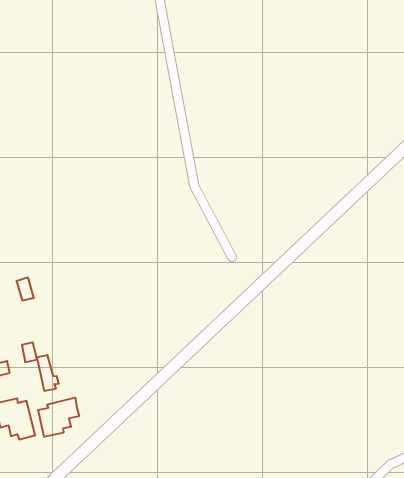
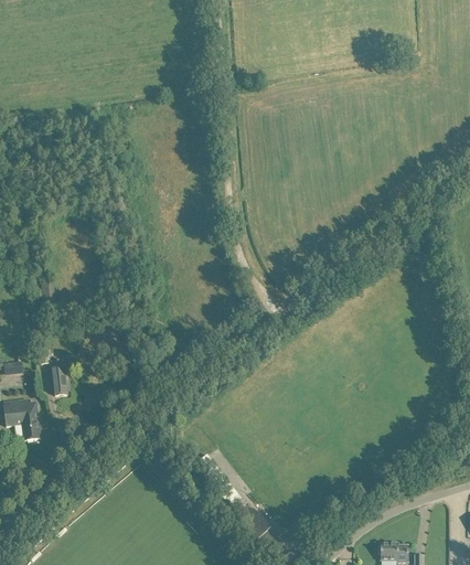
building: [38,398,79,437] -> none

